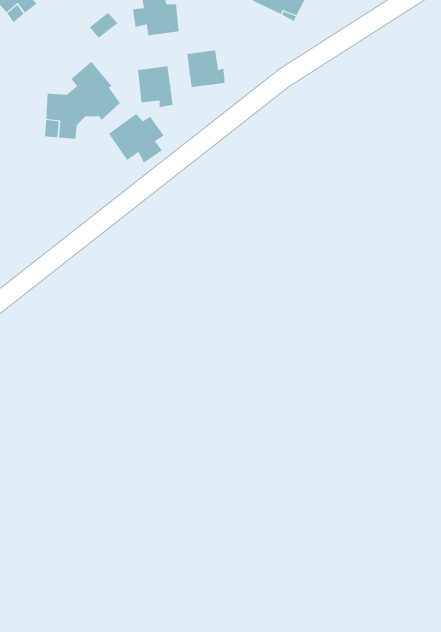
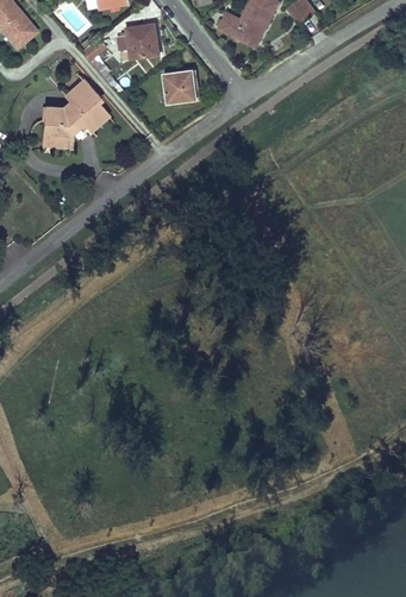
building: [138,66,173,108] -> none
building: [108,113,165,164] -> none

